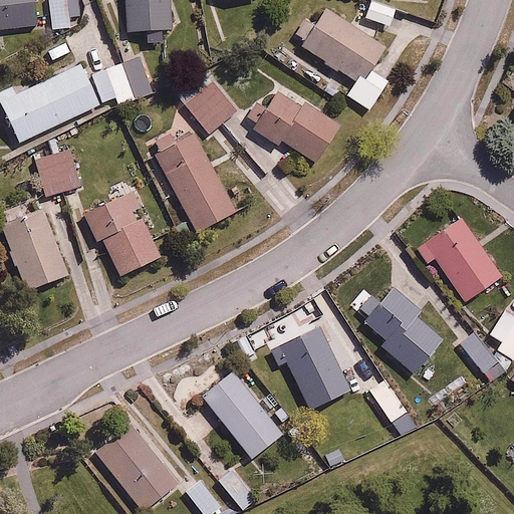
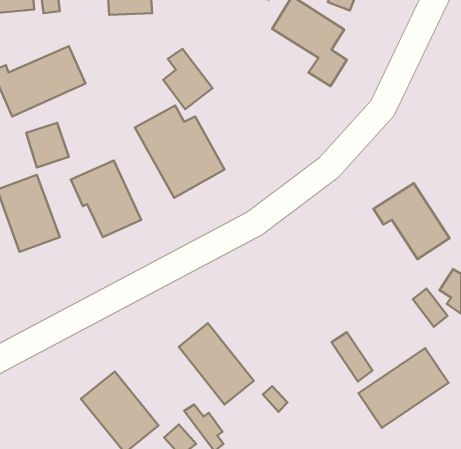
building: [93,57,154,106] -> none
building: [251,90,341,162] -> none
building: [359,288,444,373] -> none
building: [270,325,350,410] -> none
building: none -> [359,348,449,428]

